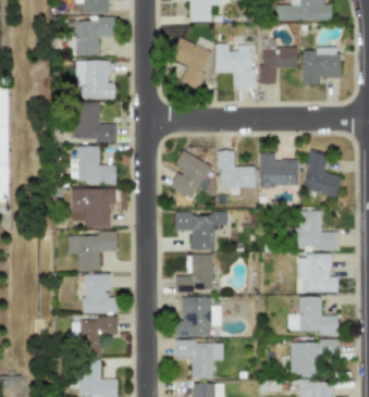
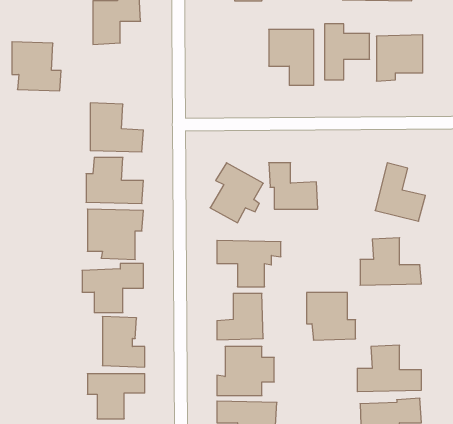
building: [171,37,212,88] -> none
building: [76,60,115,99] -> [12,42,61,91]
building: [258,152,299,187] -> none
building: [298,255,337,293] -> [307,293,356,340]

